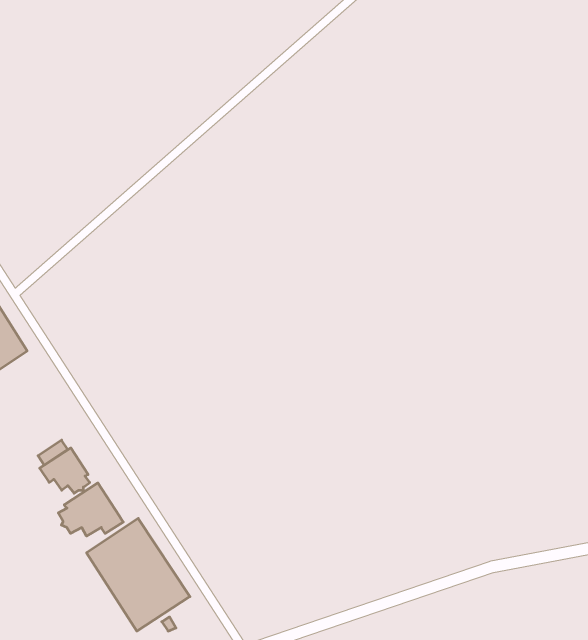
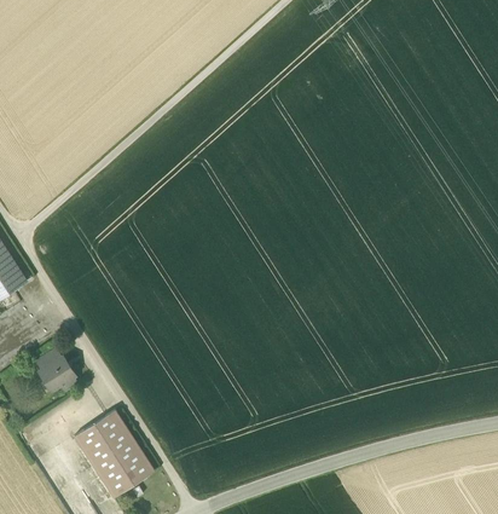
building: [58,483,123,536] -> none

